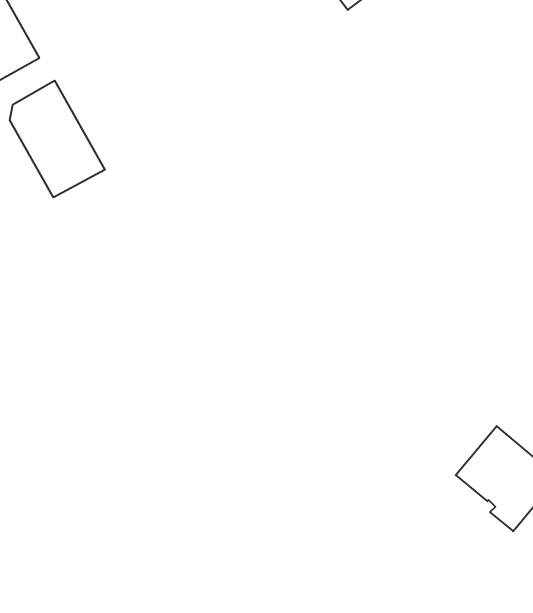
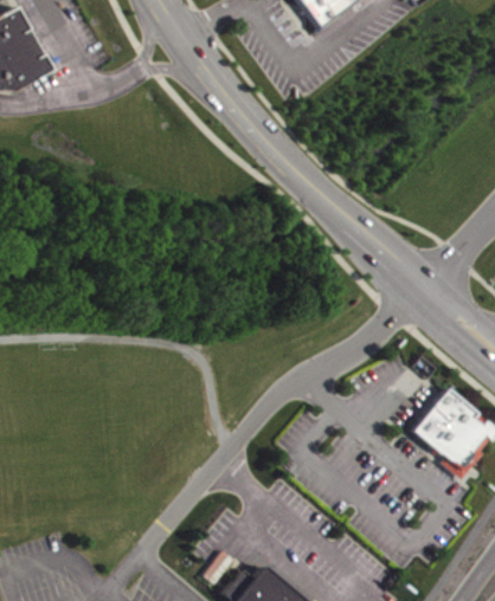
building: [10,81,105,197] -> none

